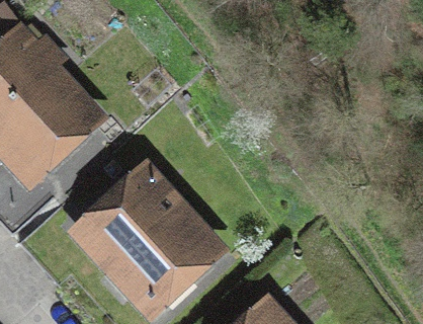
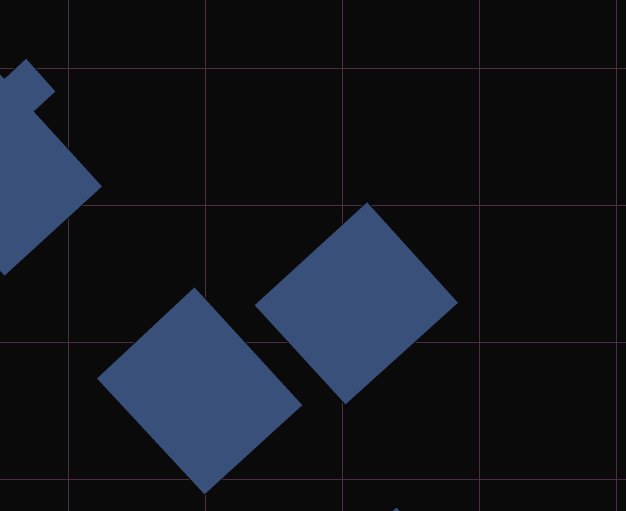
building: none -> [254,201,459,405]

